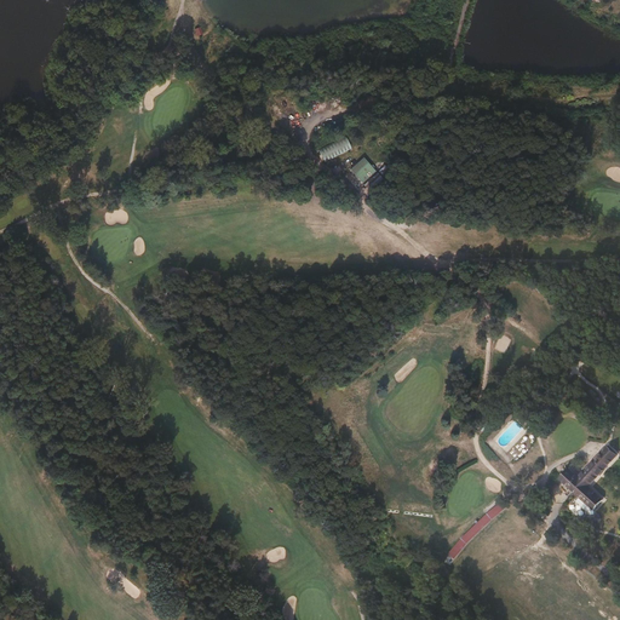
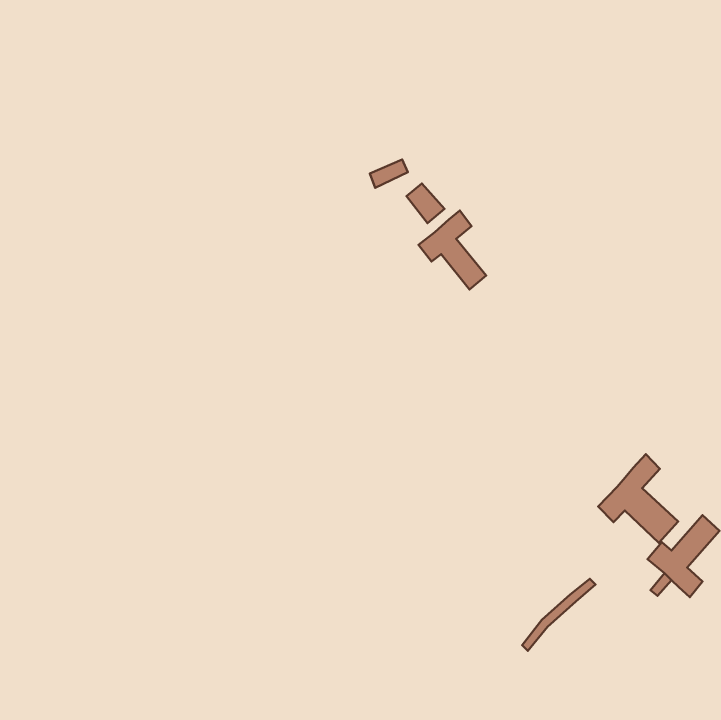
building: none -> [418,211,486,289]
building: none -> [598,454,678,543]

